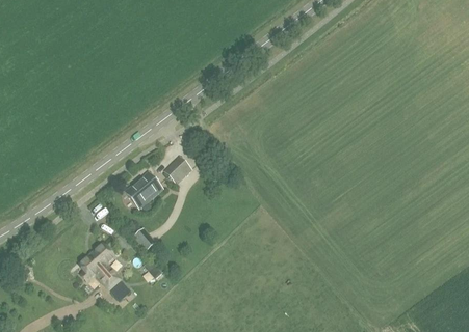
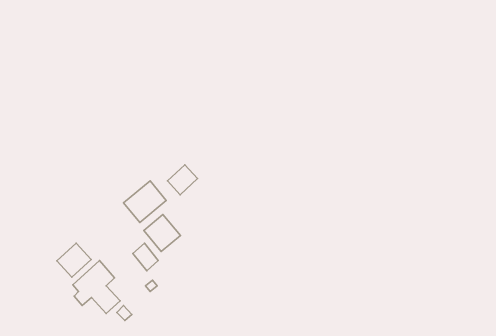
building: none -> [144,215,180,252]
building: none -> [57,243,91,277]

